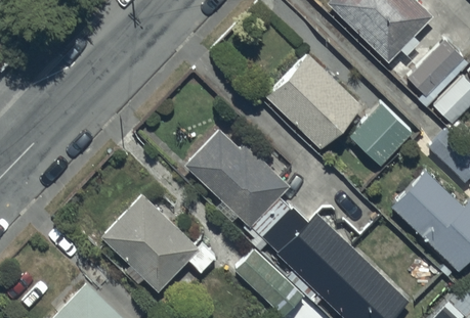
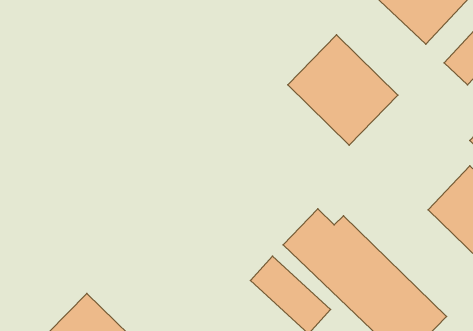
building: [348,103,413,168] -> none
building: [183,130,289,228] -> none
building: [99,195,200,294] -> none

